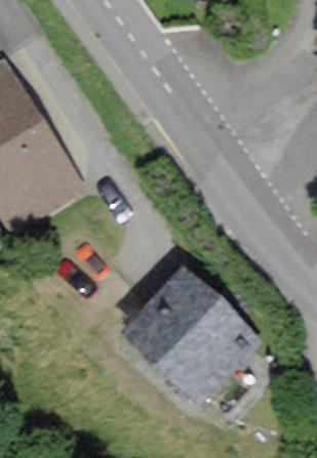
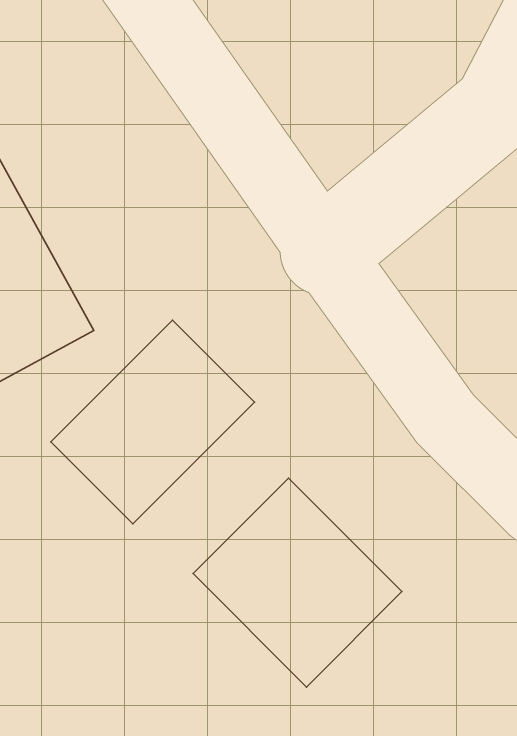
building: none -> [51,320,254,524]

